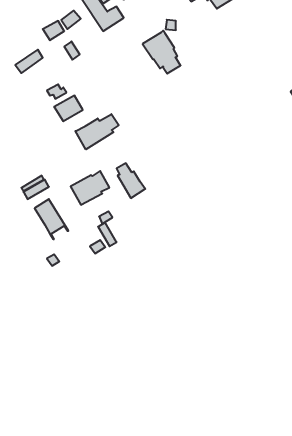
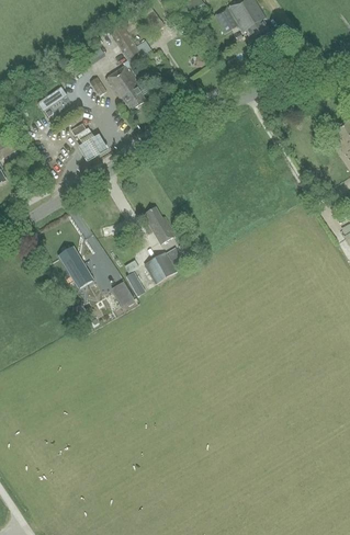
building: [143,31,181,74] -> [104,64,145,110]
building: [75,114,119,149] -> none
building: [71,171,109,205] -> [143,248,184,284]

